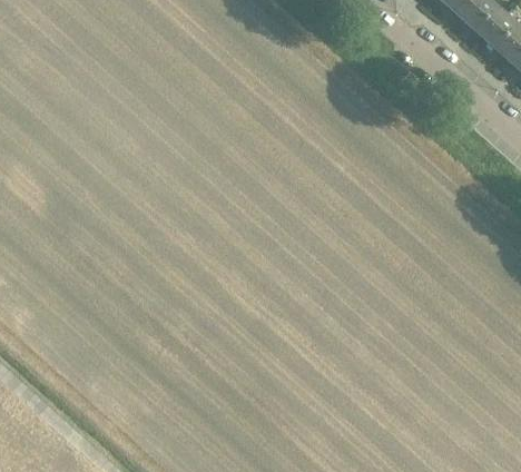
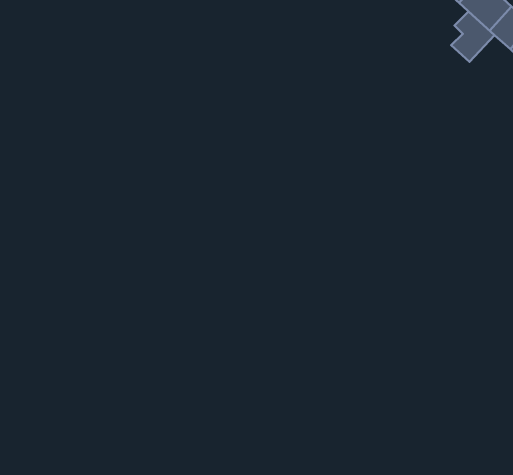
building: none -> [451,11,494,62]

